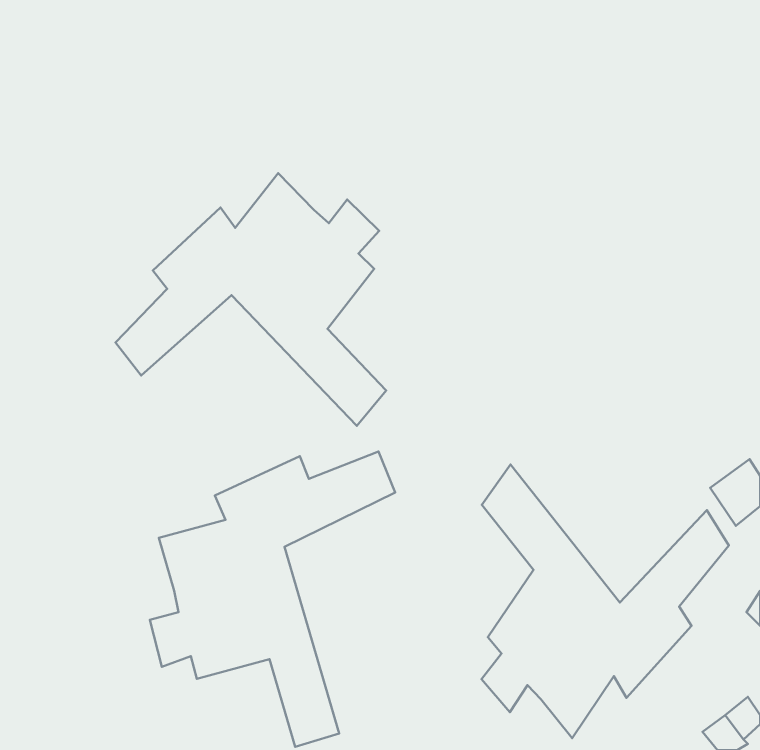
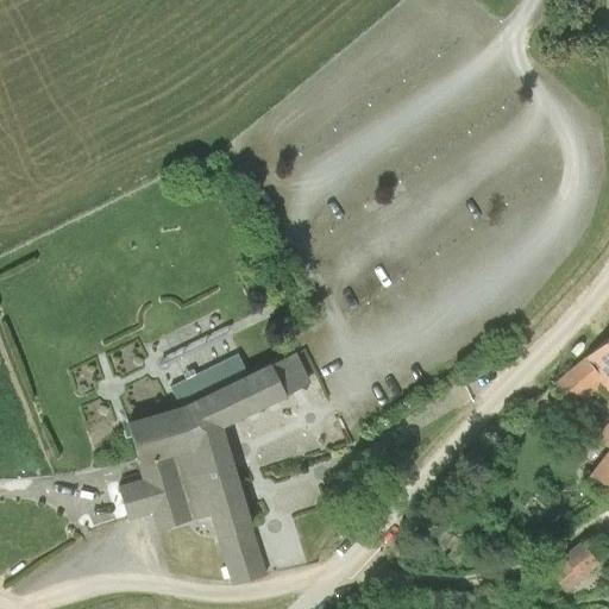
building: [116,173,386,426] -> none
building: [481,465,729,738] -> none

